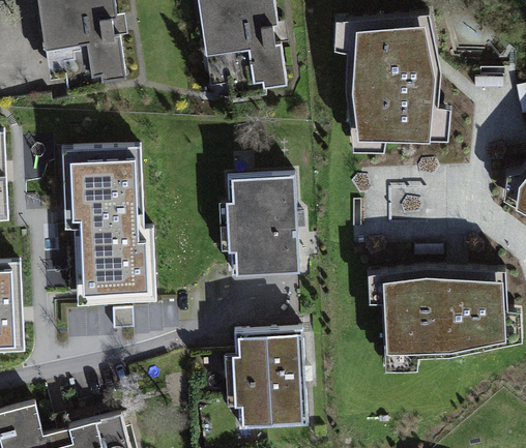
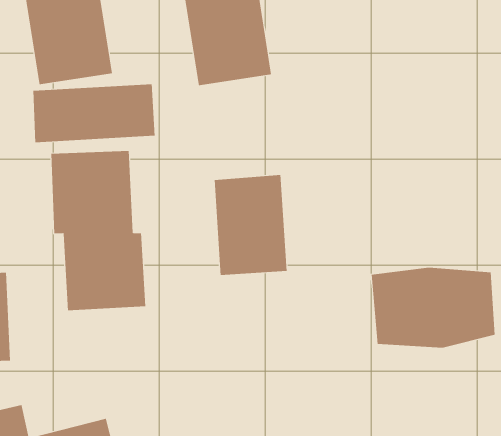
building: [352,16,436,131] -> none
building: none -> [33,83,155,143]
building: [234,329,305,420] -> none

